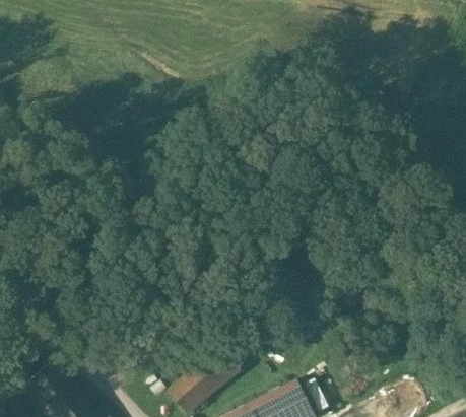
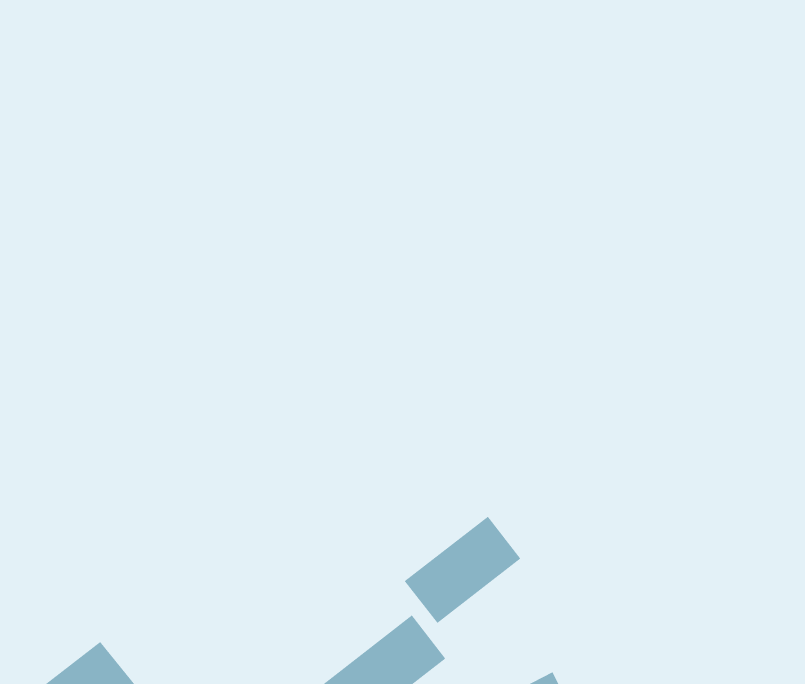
building: none -> [404,516,521,624]

